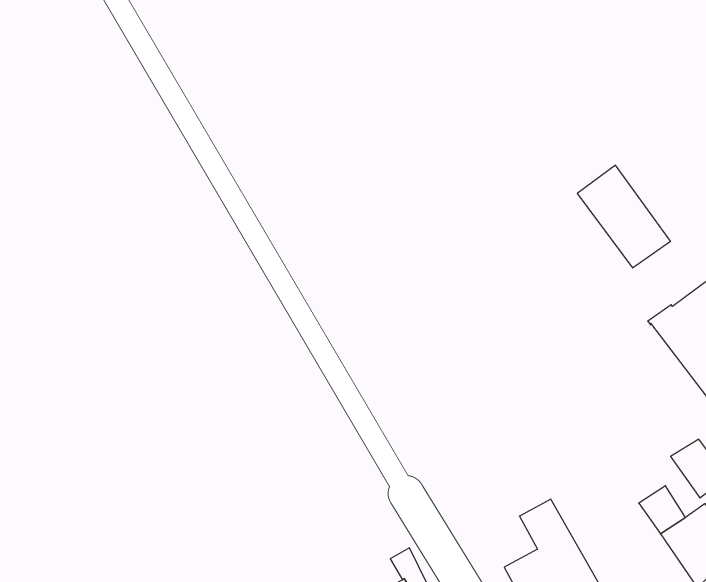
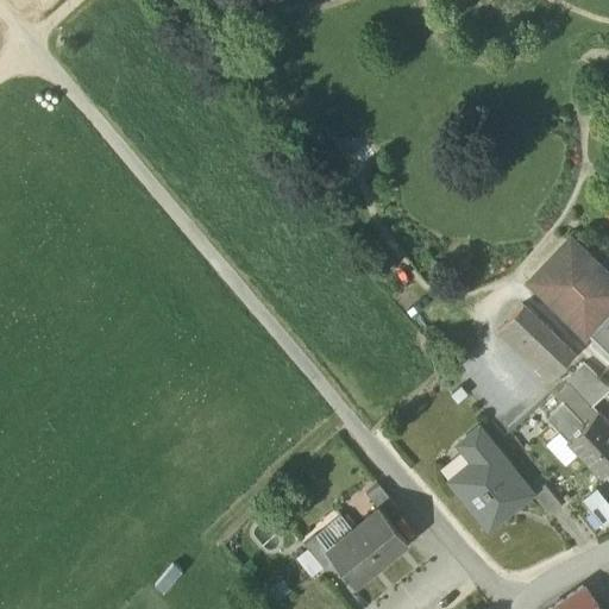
building: [577,165,670,268] -> [497,304,573,379]

